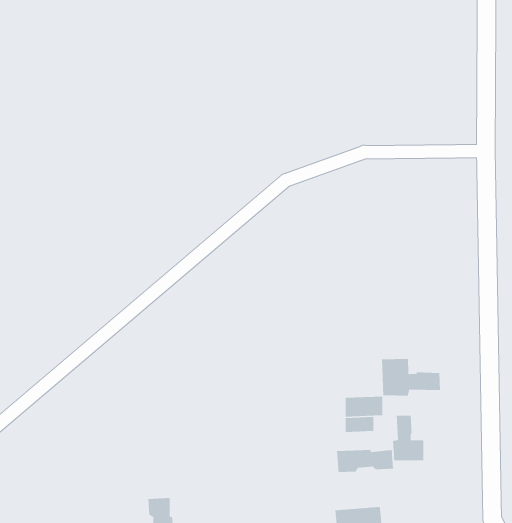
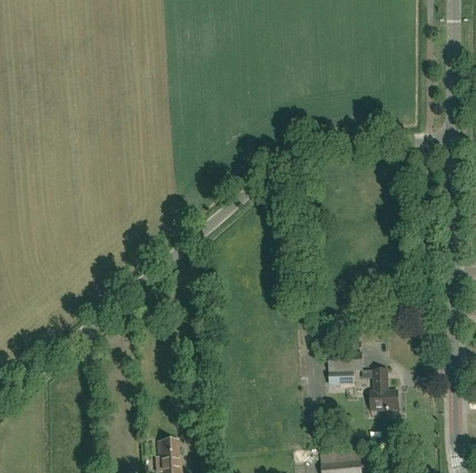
building: [381,358,441,396] -> none
building: [336,449,394,473] -> none

